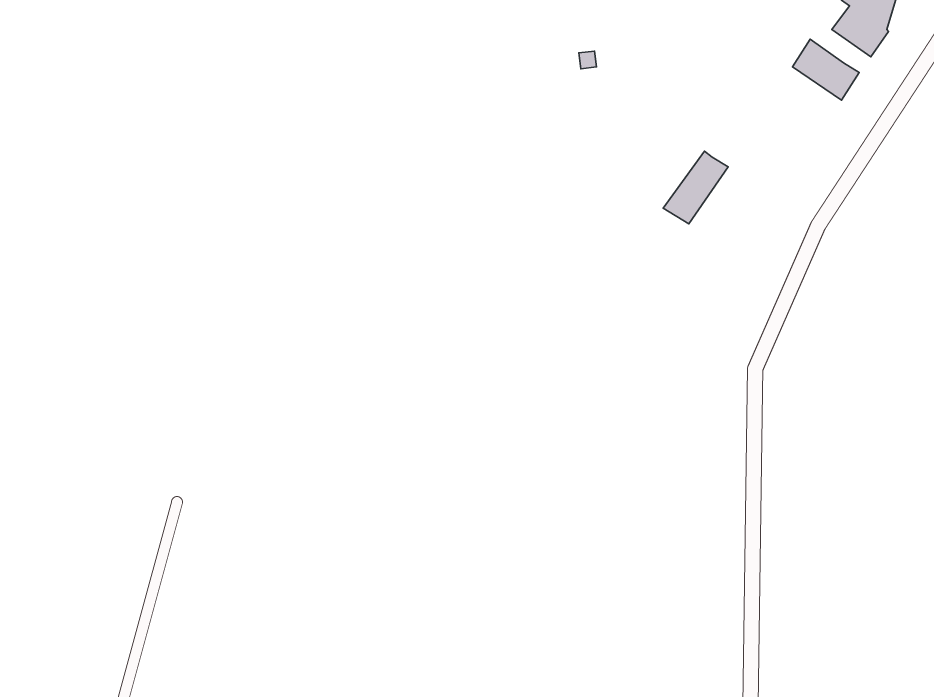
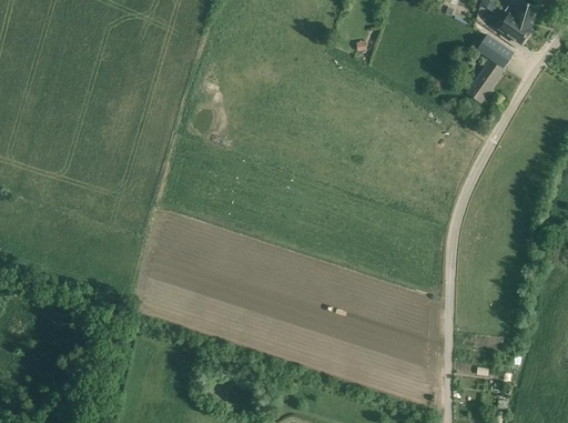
building: [663,151,728,224] -> [467,60,504,101]

